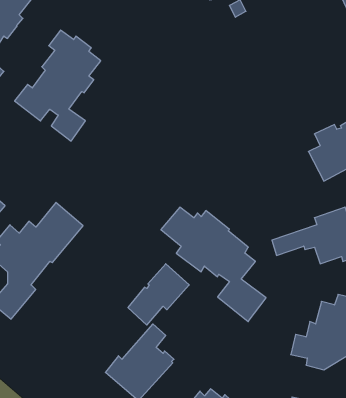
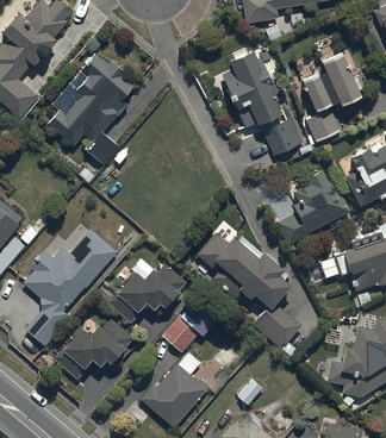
building: none -> [301,50,361,136]
building: none -> [220,55,304,156]
building: none -> [275,173,351,245]
building: none -> [107,258,186,323]
building: none -> [54,319,132,380]

